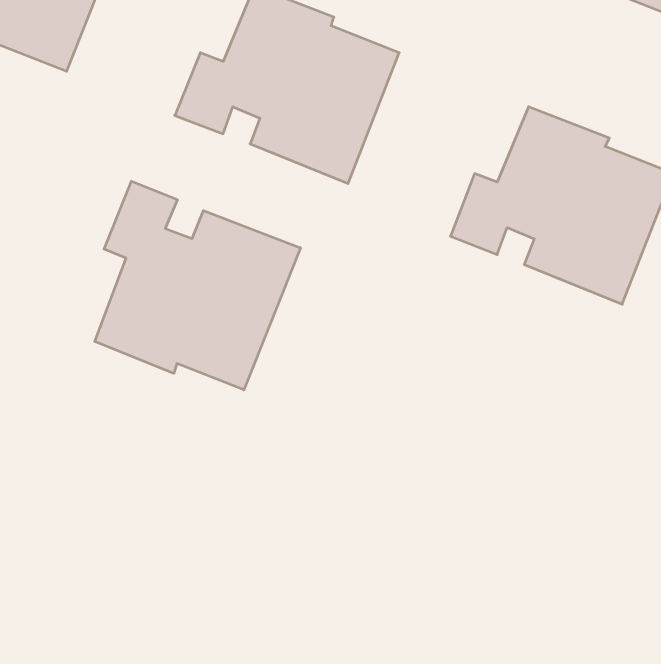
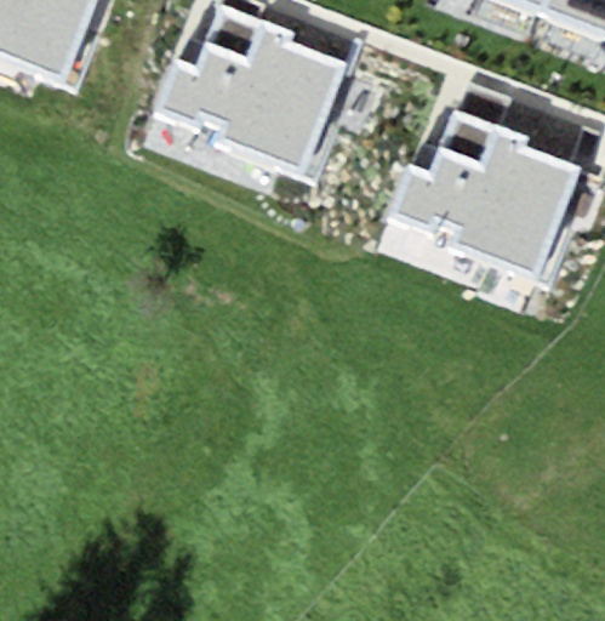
building: [95,181,300,390] -> none

